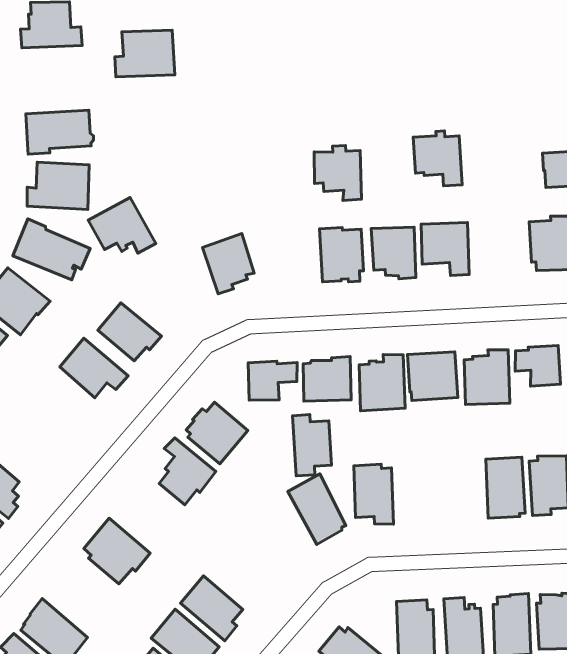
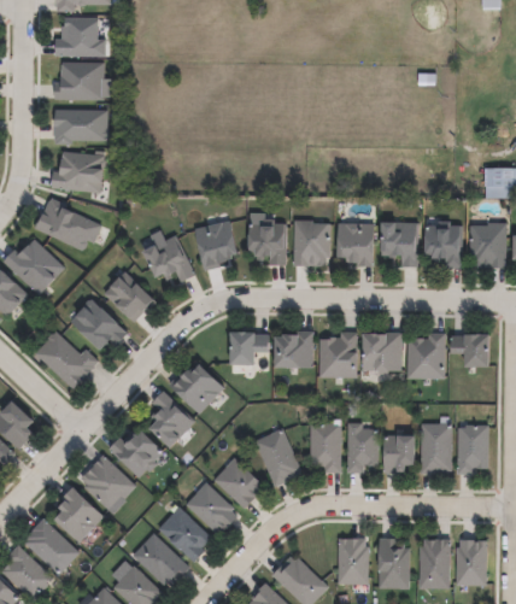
building: [115,30,175,77] -> [54,63,104,101]
building: [413,131,462,186] -> [423,223,462,269]
building: [314,145,362,200] -> [246,221,286,266]
building: [88,198,156,253] -> [140,236,195,283]
building: none -> [35,333,99,391]
building: [293,415,332,476] -> [348,422,379,473]
building: none -> [385,434,414,473]
building: none -> [109,429,163,477]
building: none -> [215,457,263,508]
building: none -> [186,480,236,535]
building: none -> [52,487,104,543]

